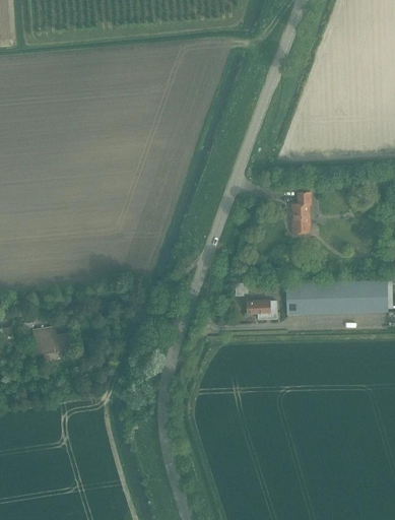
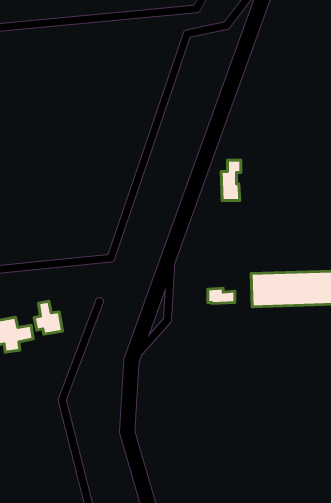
building: [291,192,311,232] -> [221,160,241,200]
building: none -> [34,301,62,334]

